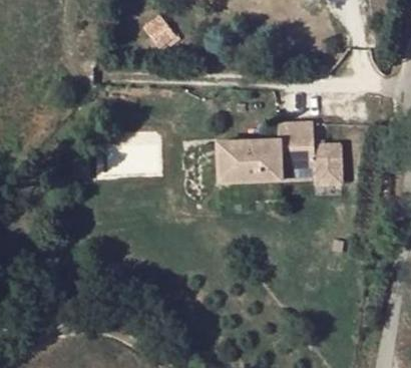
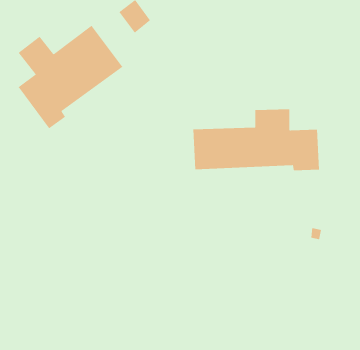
building: none -> [18,25,123,129]

